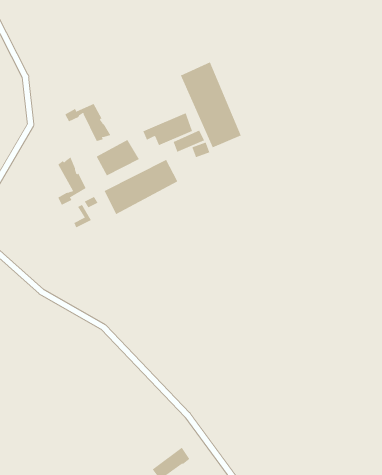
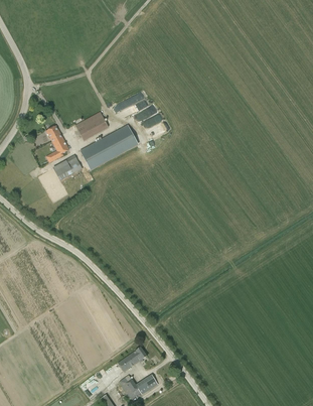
building: [180,62,242,148] -> none
building: [64,103,111,142] -> none

